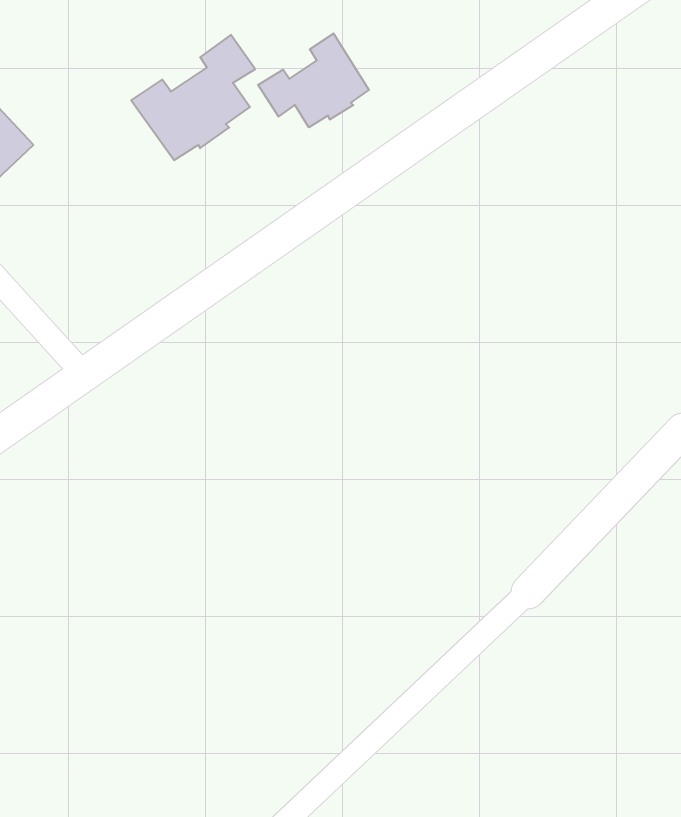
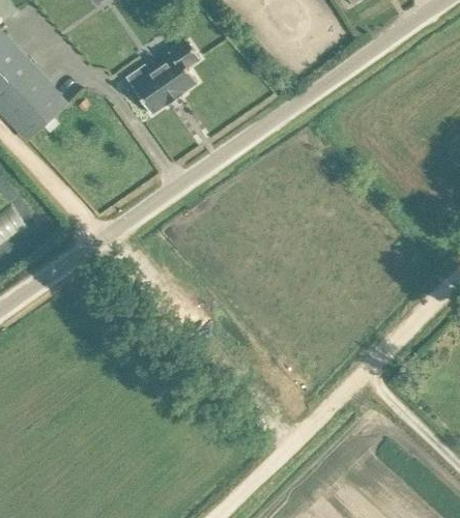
building: [258,33,369,127] -> none

